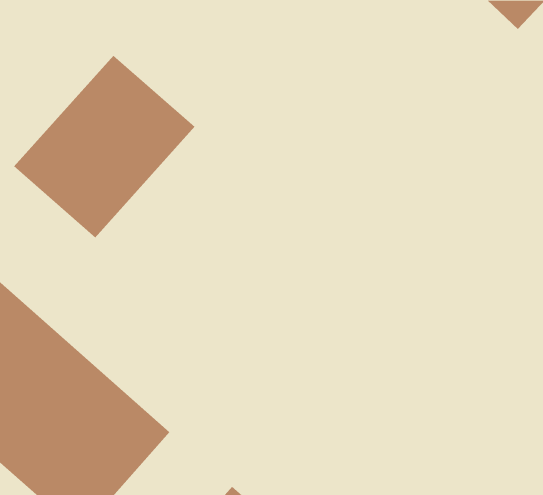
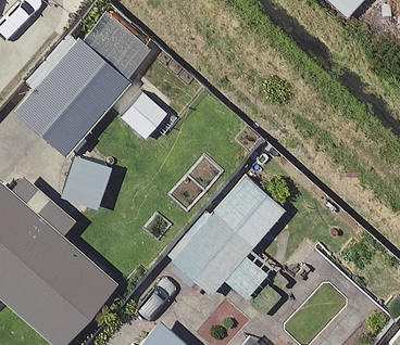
building: none -> [172,178,286,296]

